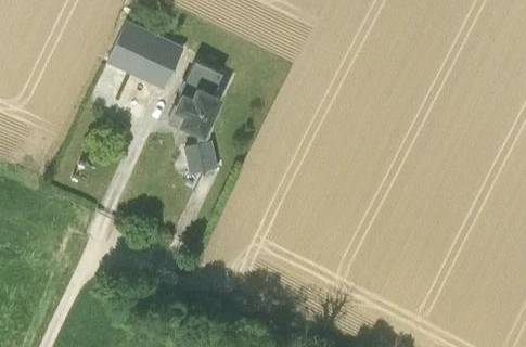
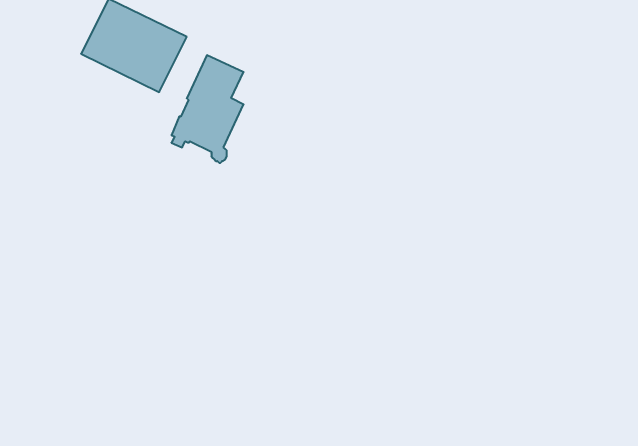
building: [190,140,224,174] -> none

